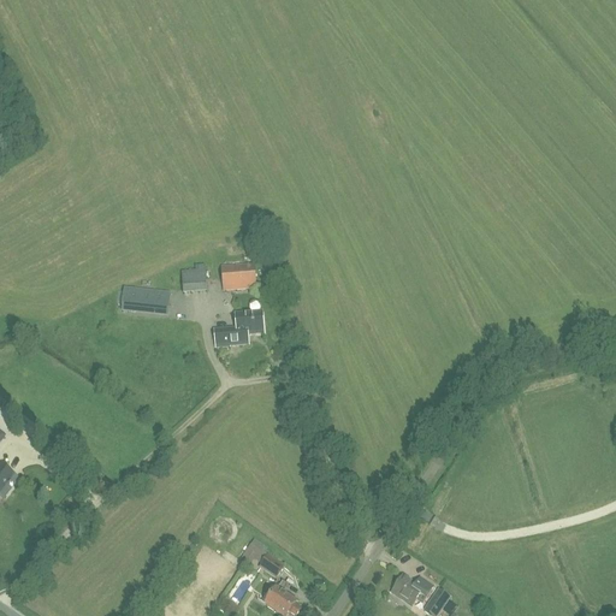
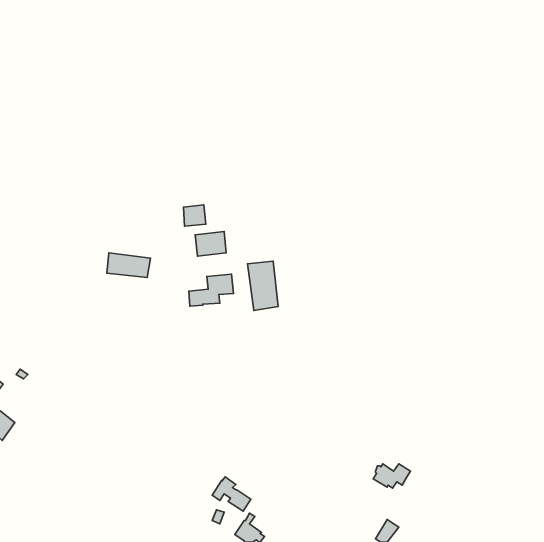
building: [180,267,206,291] -> [183,205,206,226]
building: none -> [248,261,278,310]
building: [390,573,432,600] -> [373,464,411,488]

